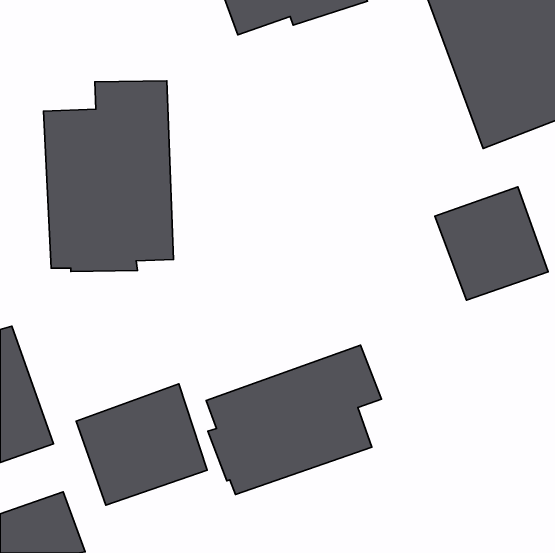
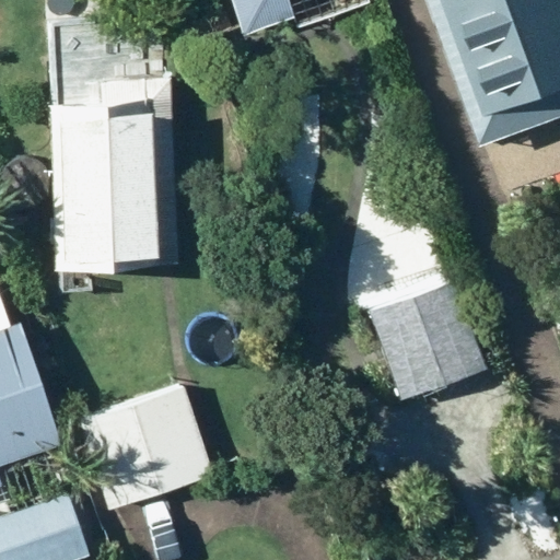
building: [435,187,548,300] -> [370,282,483,396]
building: [206,345,381,494] -> none

